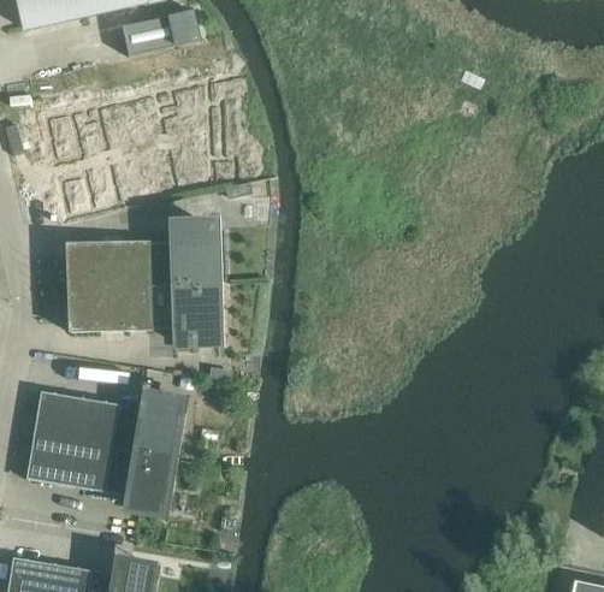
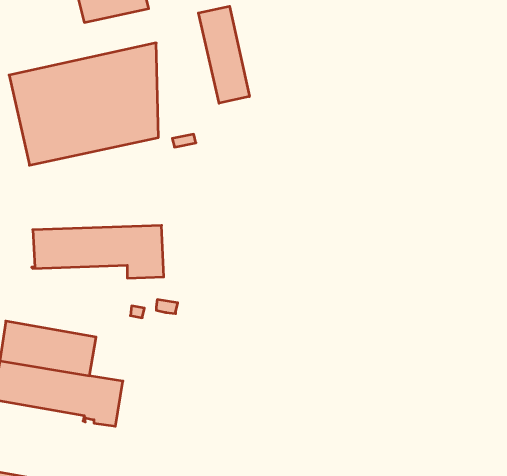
building: none -> [198,6,249,103]
building: [67,225,215,288] -> none
building: [135,401,180,457] -> none

